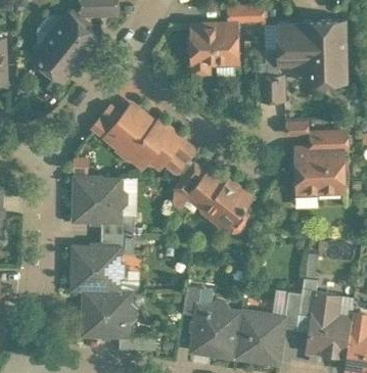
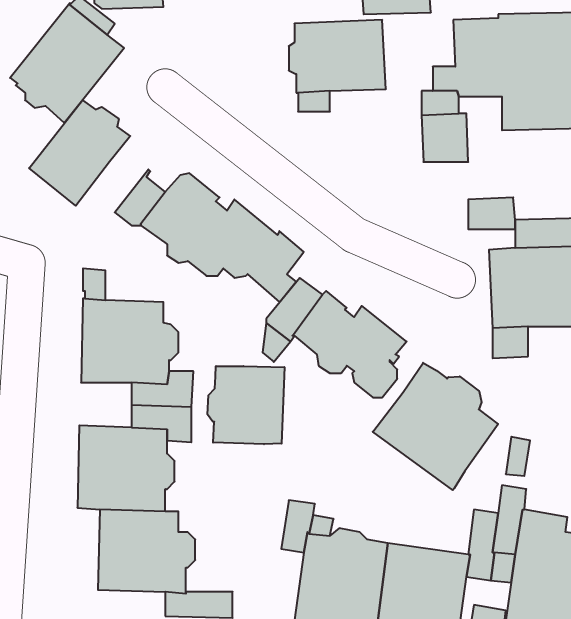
building: none -> [29,100,130,206]
building: none -> [373,363,498,490]
building: none -> [207,366,284,444]

